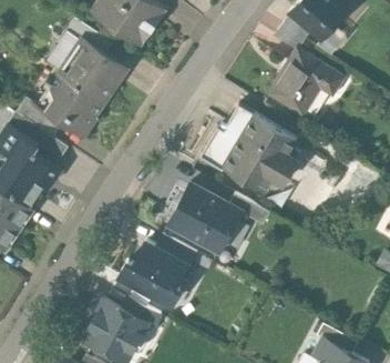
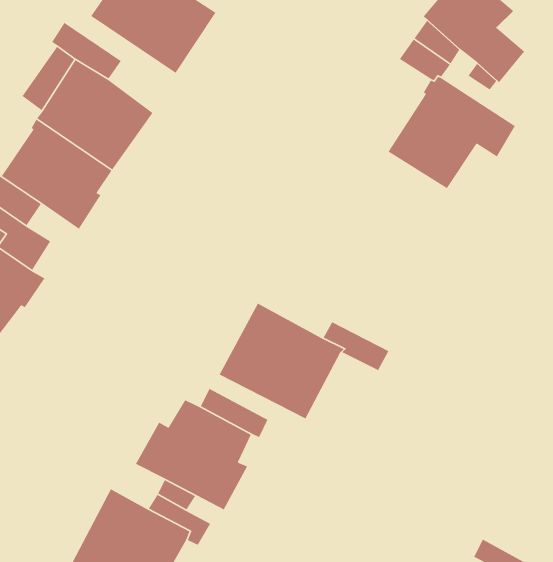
building: [202,104,299,192] -> none

